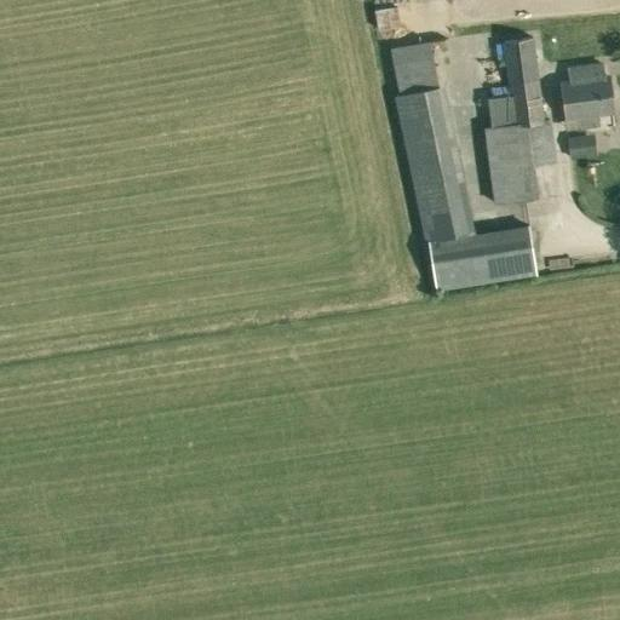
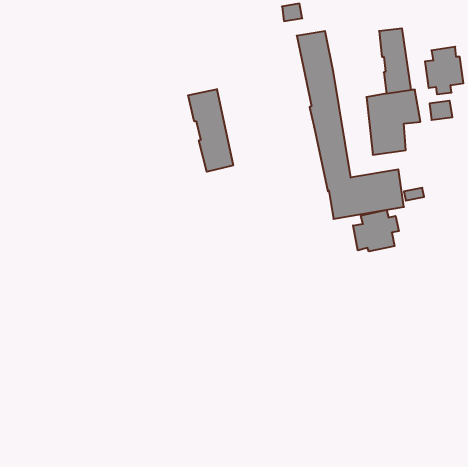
building: none -> [188,89,233,172]
building: none -> [353,210,399,251]

